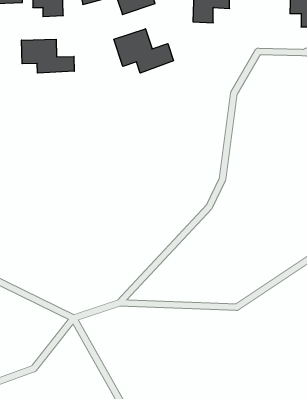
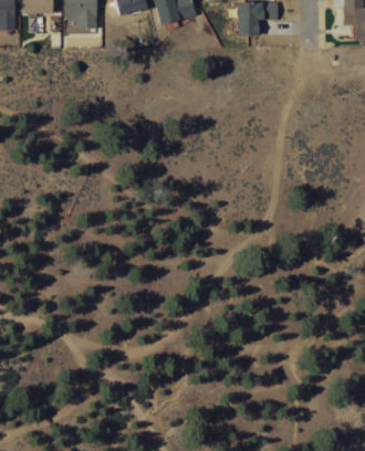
building: [114,29,174,73] -> none
building: [22,39,74,73] -> none

